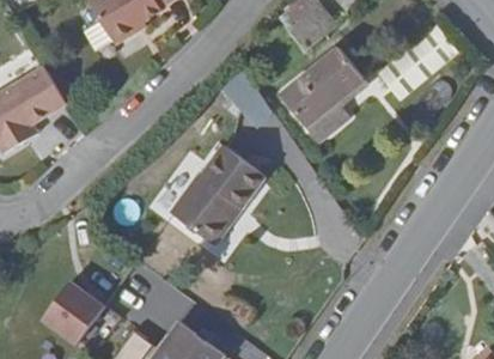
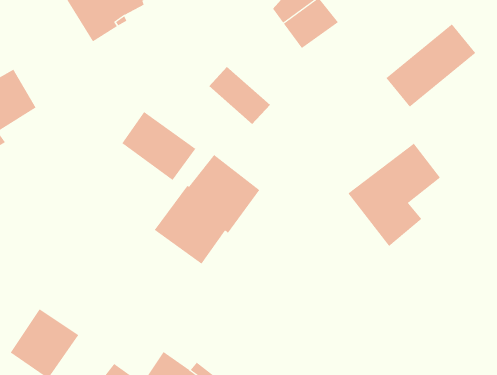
building: [279,45,362,139] -> [347,143,441,247]
building: none -> [122,111,196,181]

